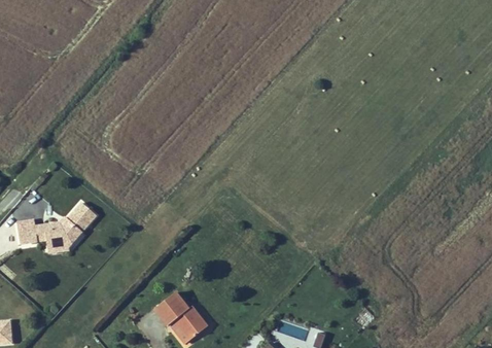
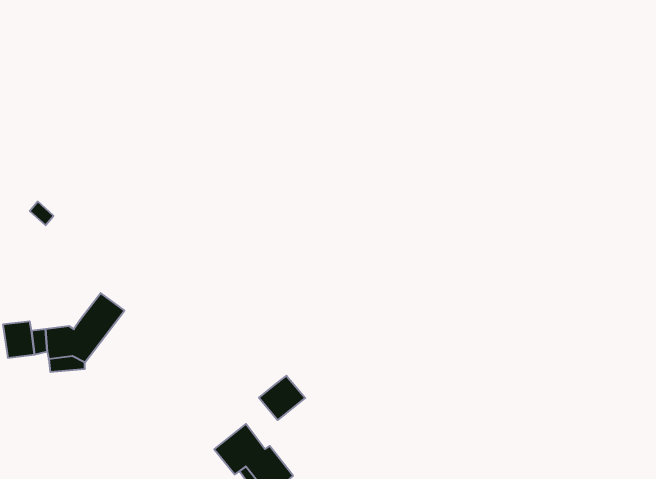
building: none -> [259,376,305,420]

